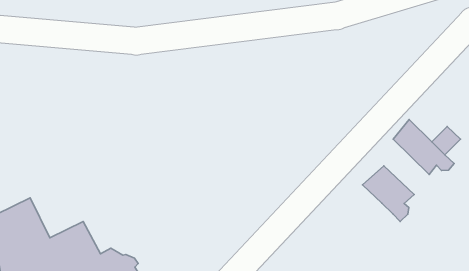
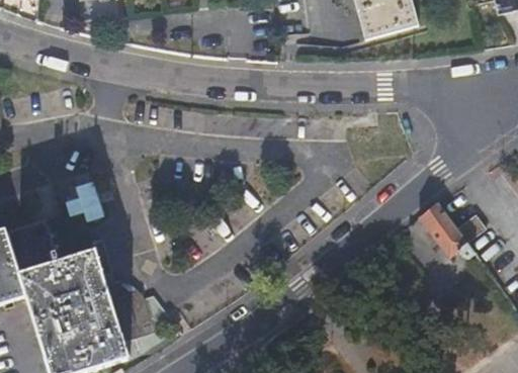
building: [363,166,414,221] -> none

